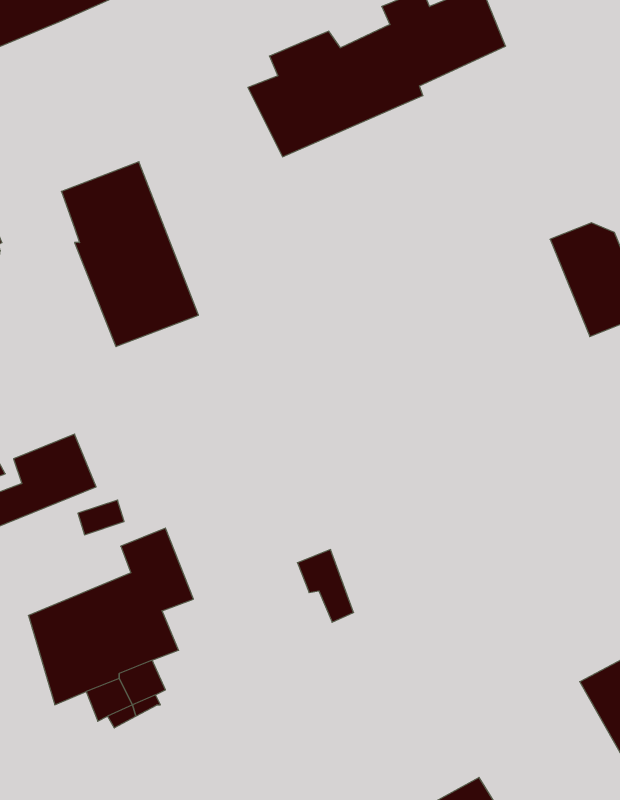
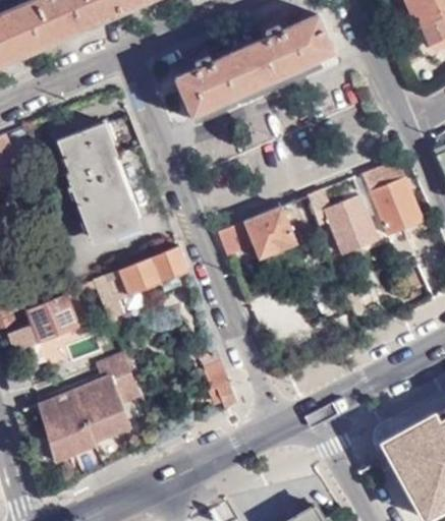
building: none -> [307,187,375,251]
building: none -> [217,205,296,258]
building: none -> [95,247,189,319]

